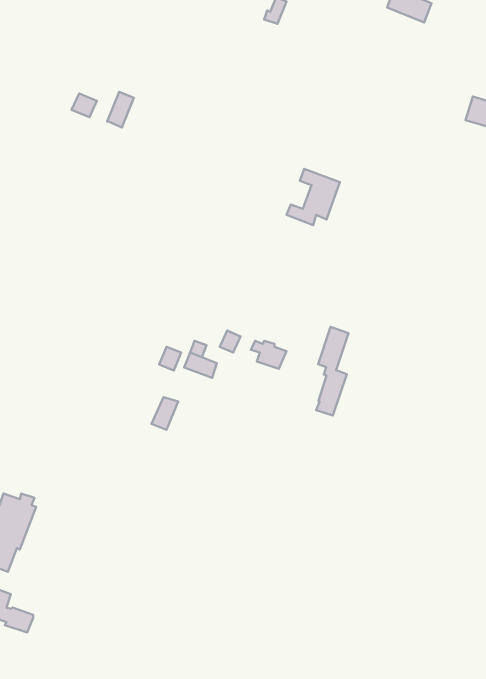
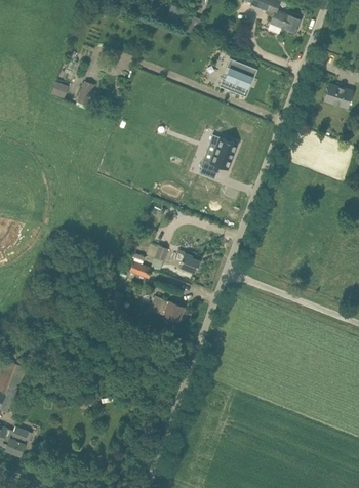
building: none -> [218,57,257,96]
building: [316,327,348,416] -> none
building: none -> [150,294,185,320]

